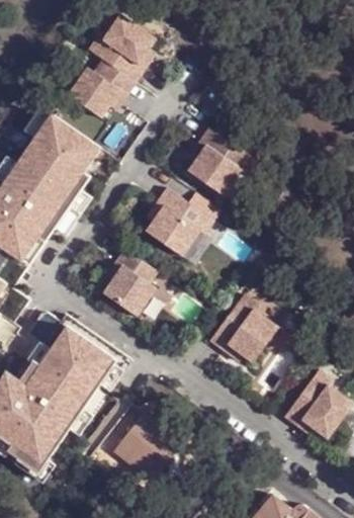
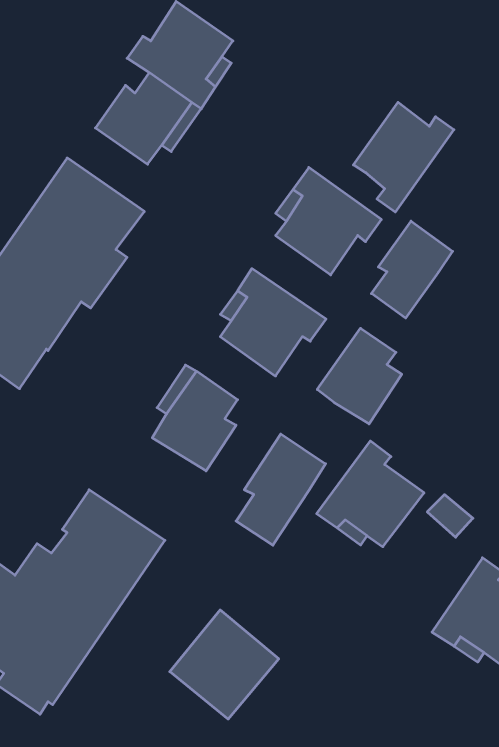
building: none -> [353,102,454,212]
building: none -> [371,221,453,318]
building: none -> [317,328,402,424]
building: none -> [236,434,326,545]

